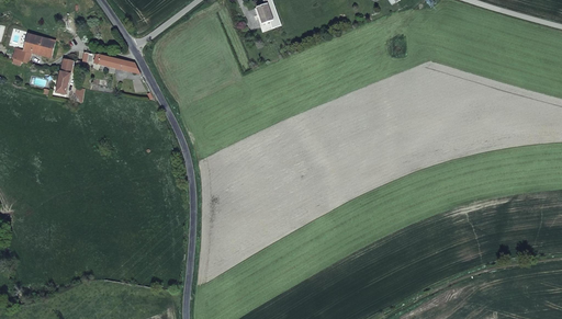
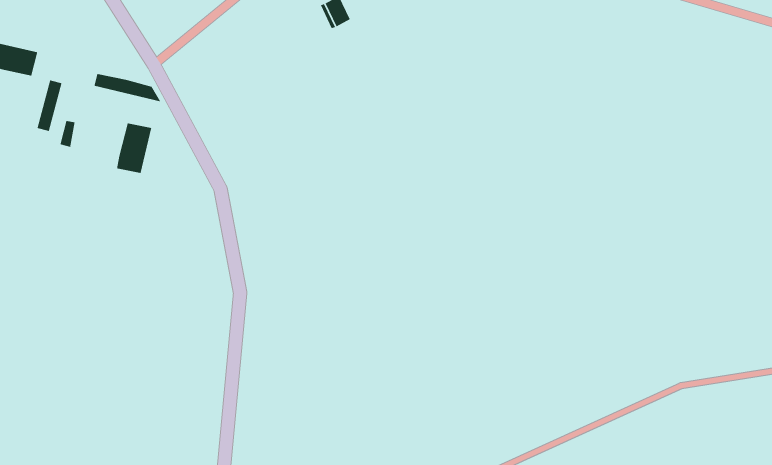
building: none -> [116,123,152,174]

